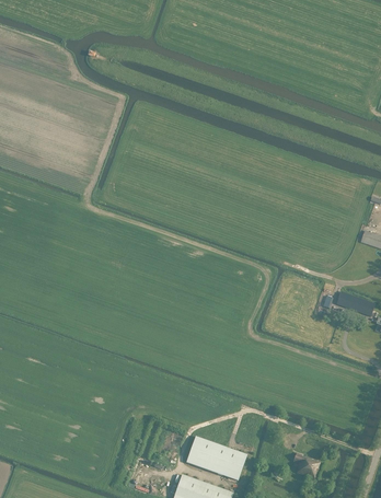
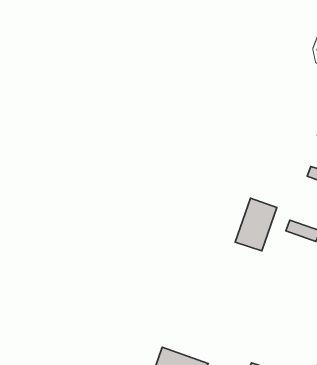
building: none -> [235,198,277,251]

